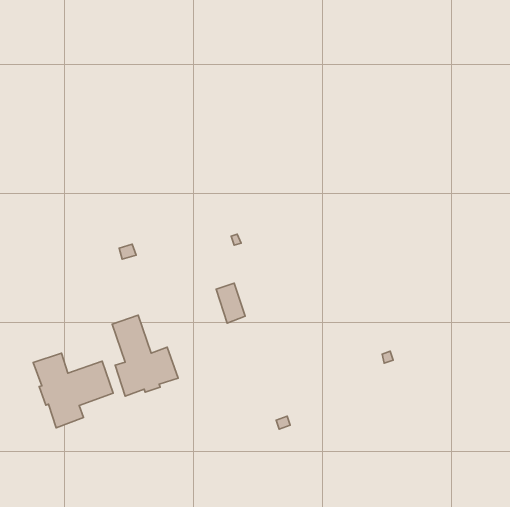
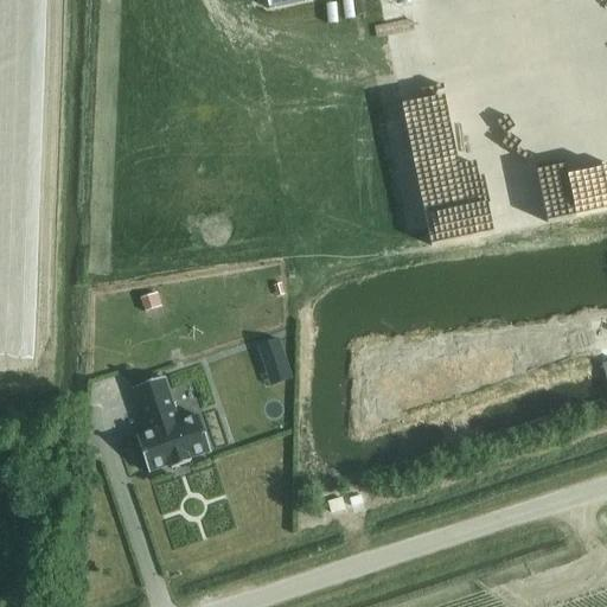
building: [33,353,113,428] -> none

